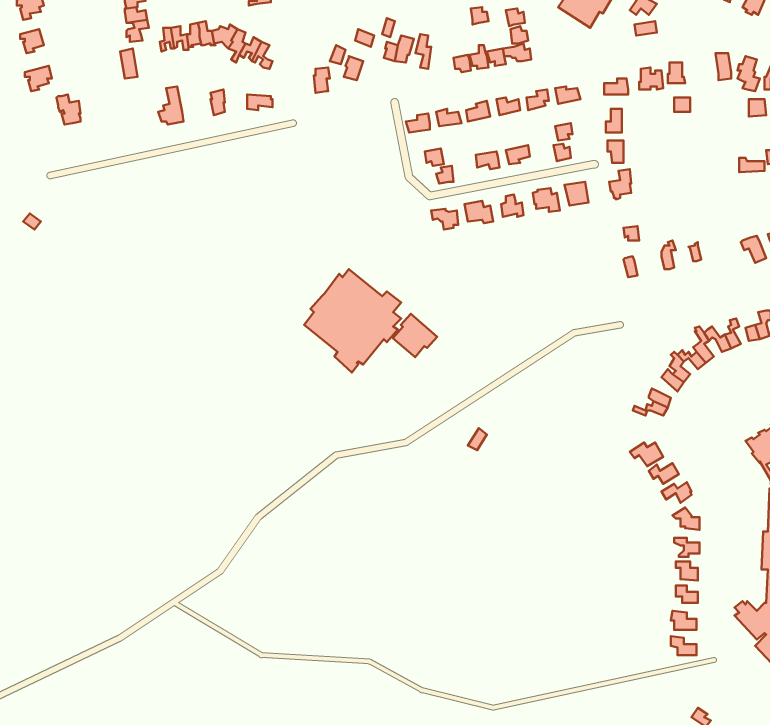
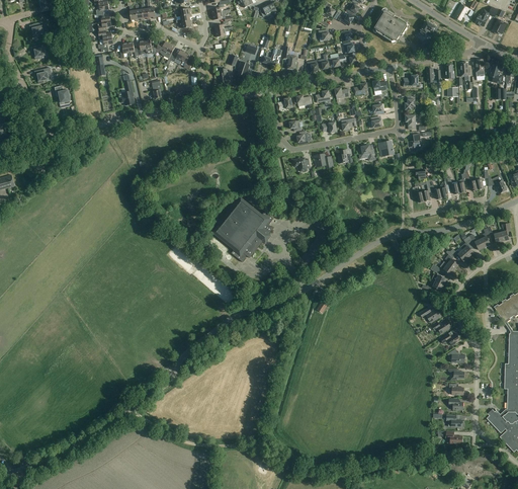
building: [393,314,437,357] -> none

